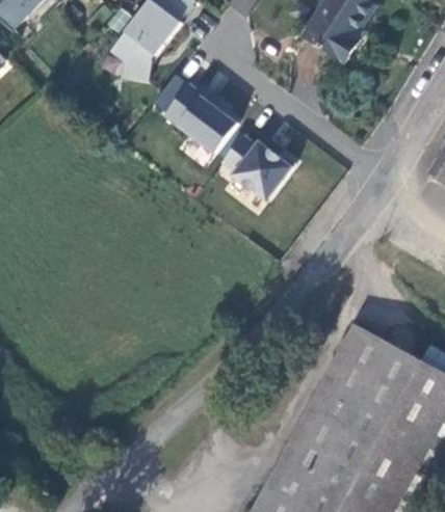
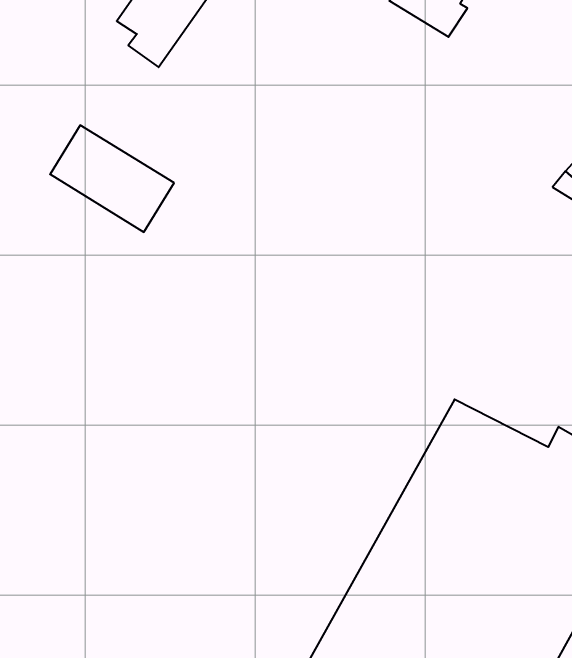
building: [150,76,239,153] -> [50,125,174,232]
building: [214,128,296,207] -> none

